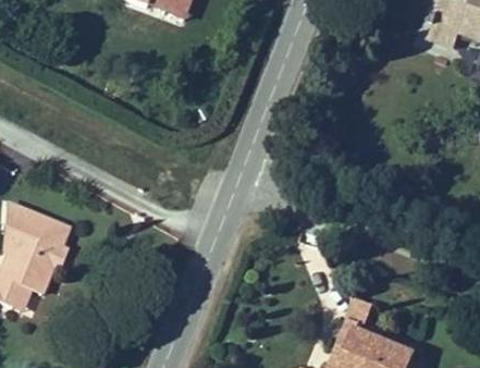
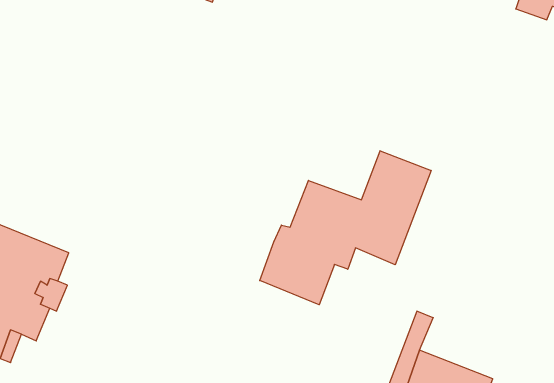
building: none -> [260,151,431,305]

